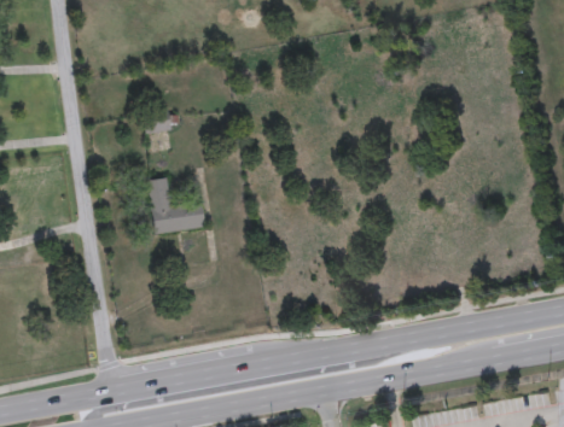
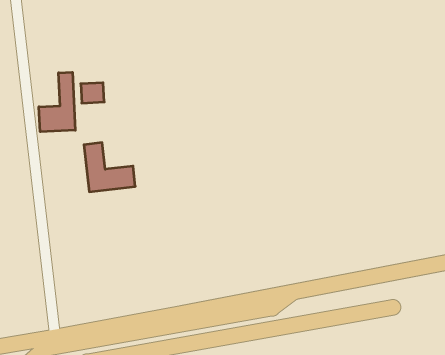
building: none -> [39,72,75,132]

